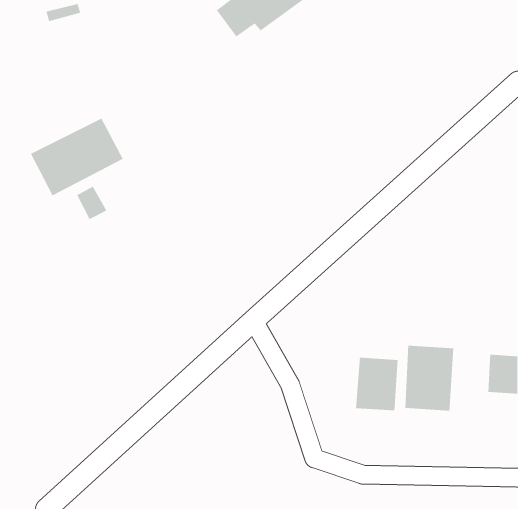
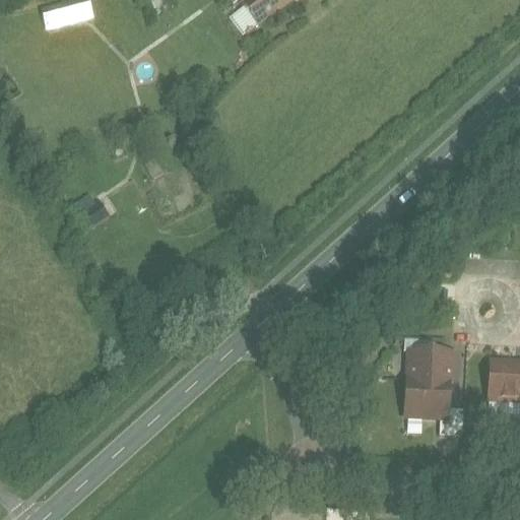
building: [30,117,124,197] -> none
building: [355,357,398,411] -> none

